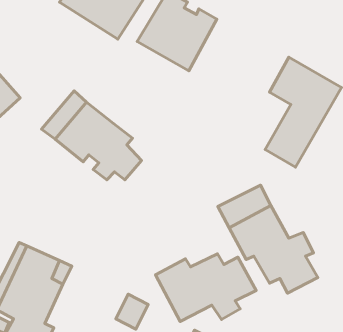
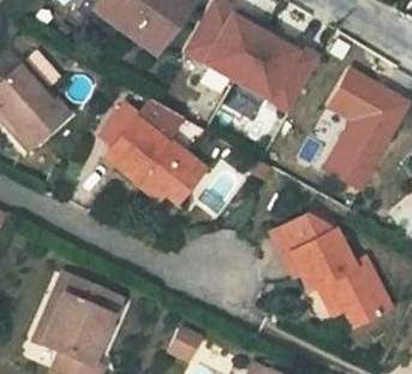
building: none -> [245,30,330,114]
building: none -> [136,99,186,142]
building: [155,254,256,321] -> none

